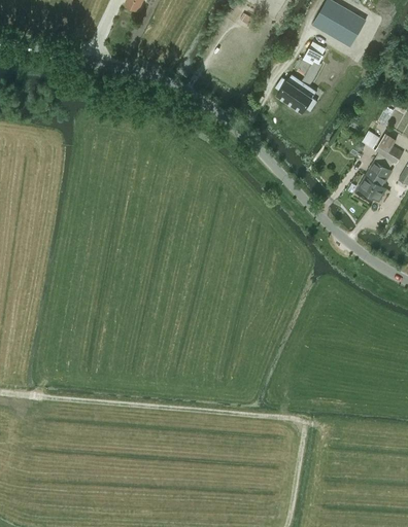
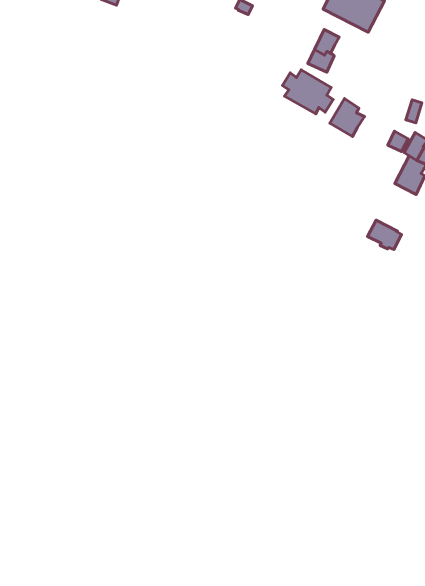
building: none -> [330,99,365,137]
building: [356,176,385,202] -> [367,220,401,250]

